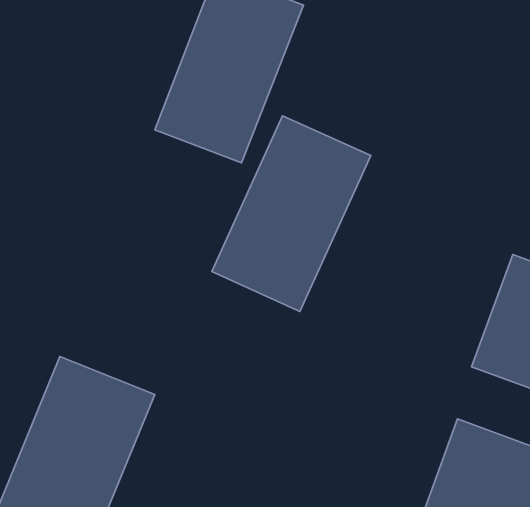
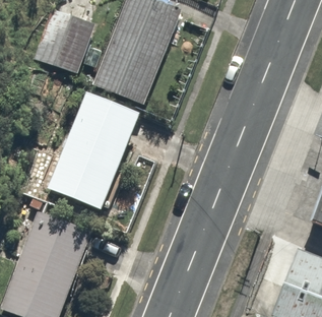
building: none -> [35,7,99,70]
building: [212,116,371,311] -> [49,90,142,205]

